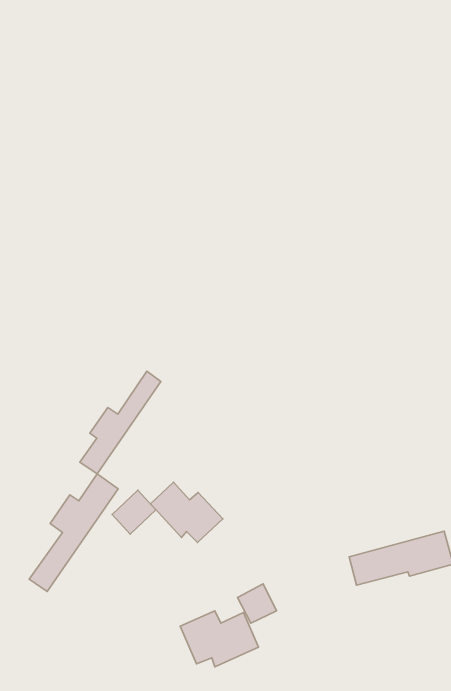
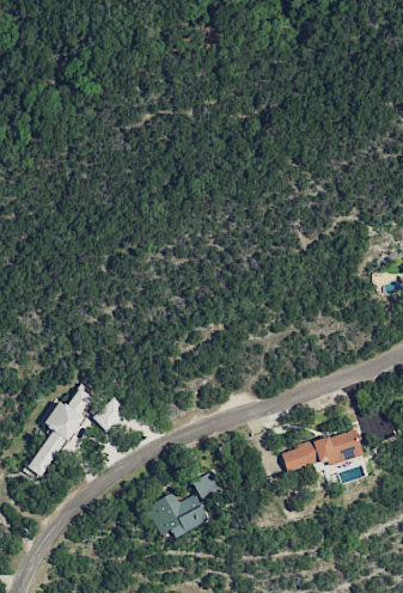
building: [80,371,161,474] -> none
building: [150,482,223,542] -> none

